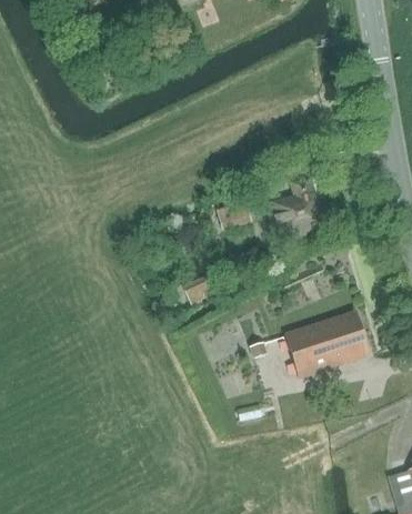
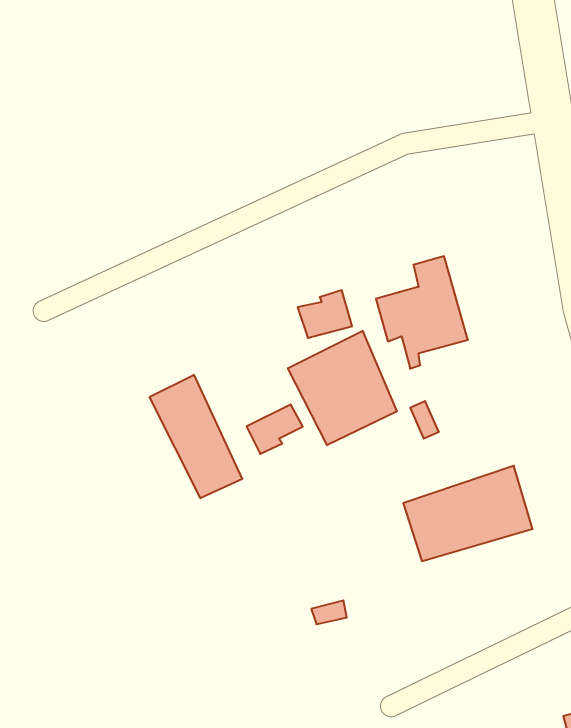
building: none -> [288,331,397,445]
building: none -> [150,375,242,498]

